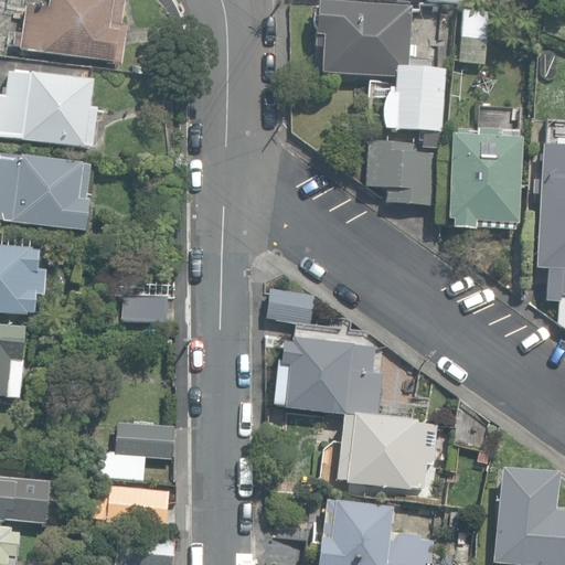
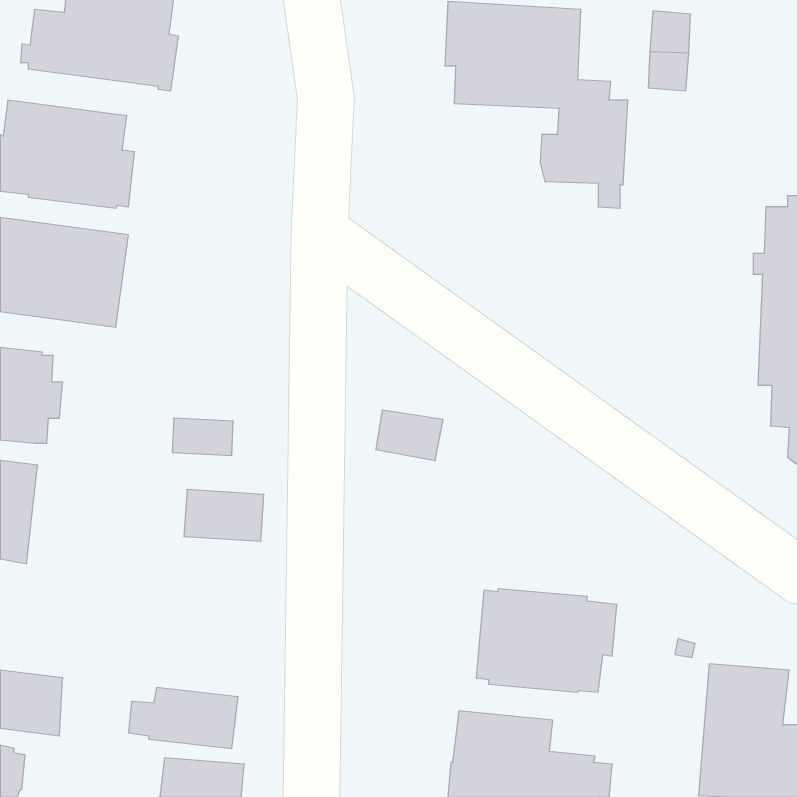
building: [448,127,523,230] -> none
building: [365,139,436,204] -> none
building: [274,339,380,415] -> none
building: [117,422,173,458] -> [184,490,264,541]

